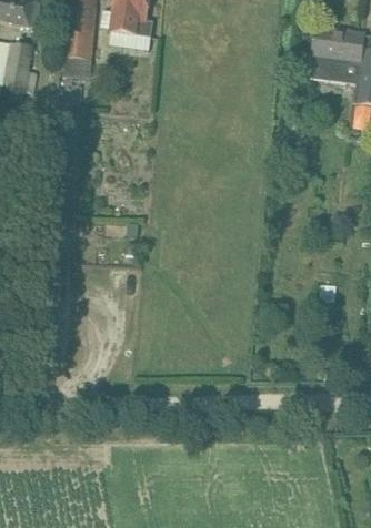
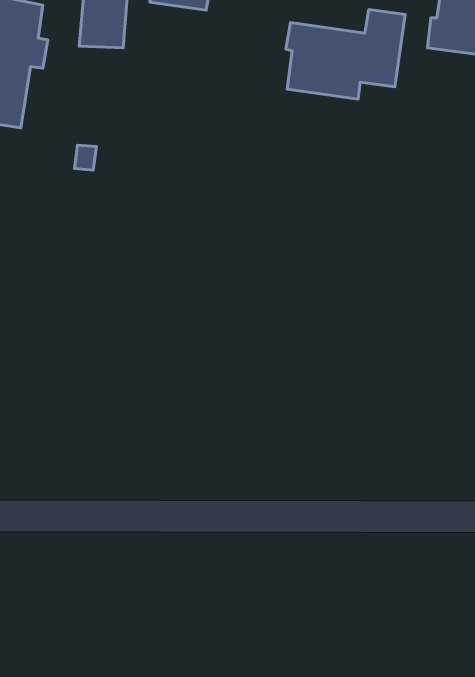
building: none -> [286,9,405,99]

